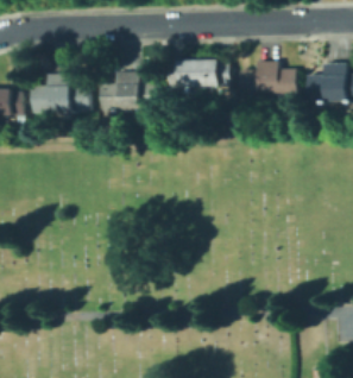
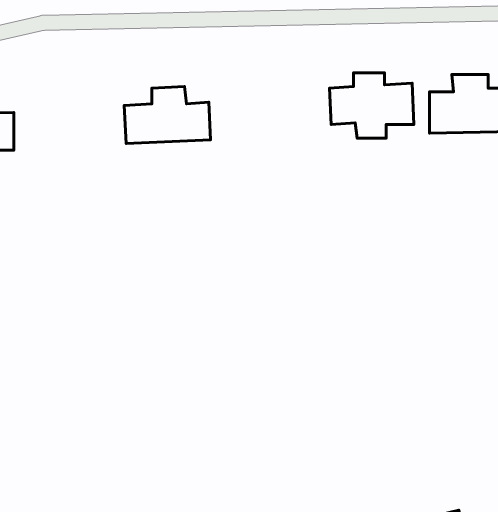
building: [175,58,226,90] -> none
building: [27,73,84,113] -> none

